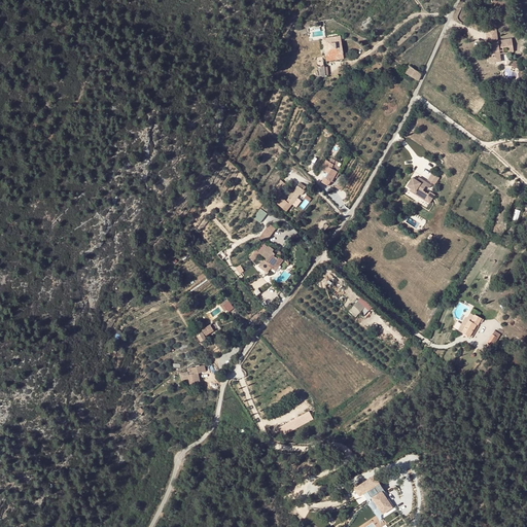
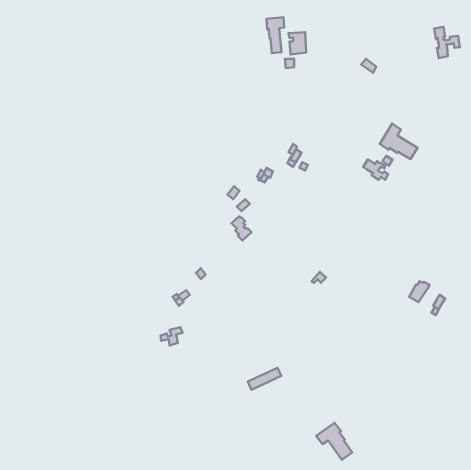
building: none -> [267,17,284,53]
building: none -> [380,124,417,159]

